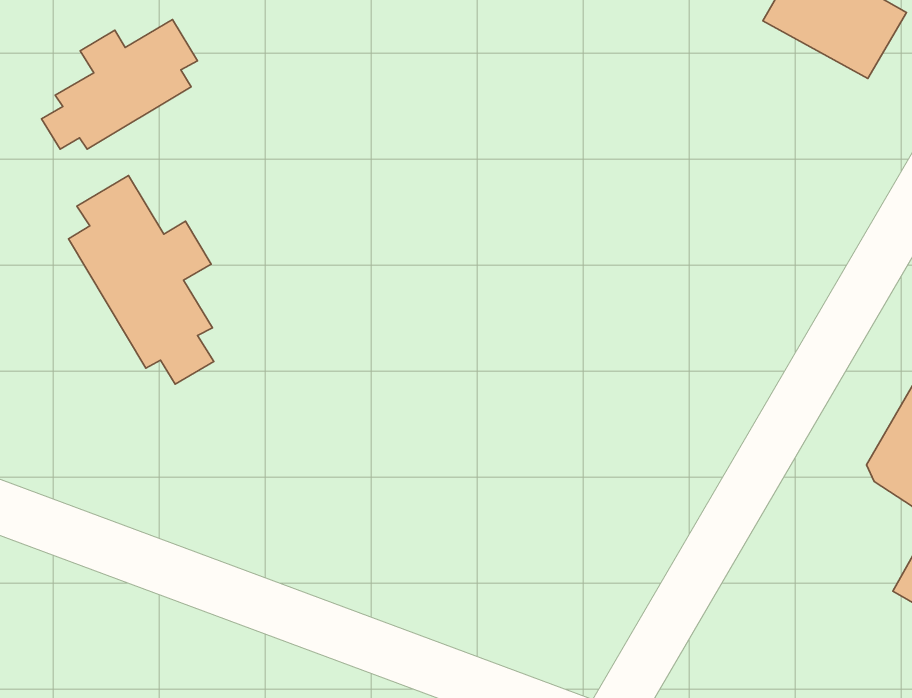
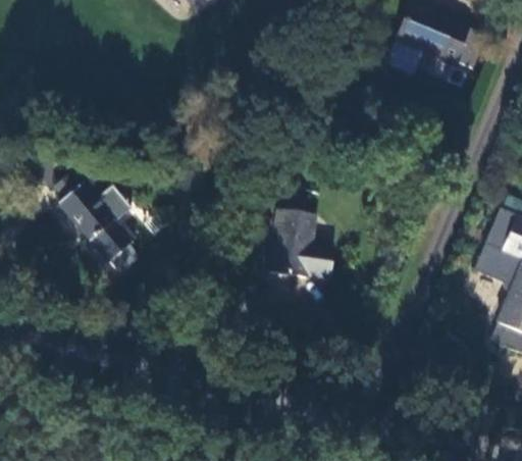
building: [41,20,197,149] -> none
building: none -> [268,216,334,285]

